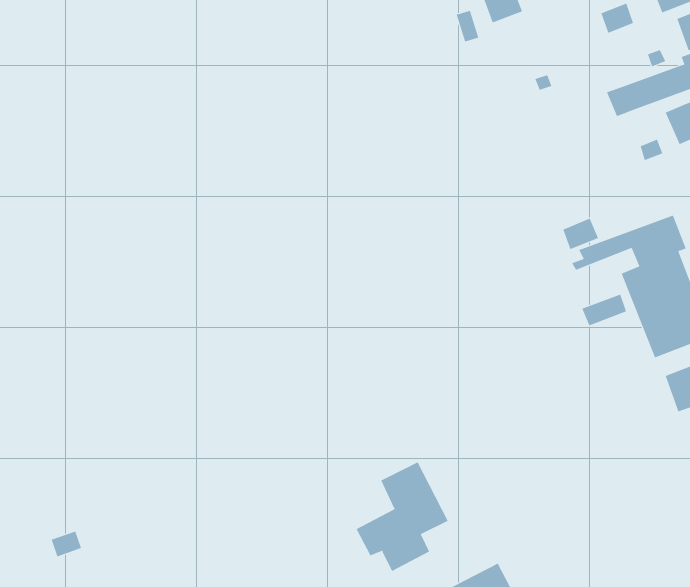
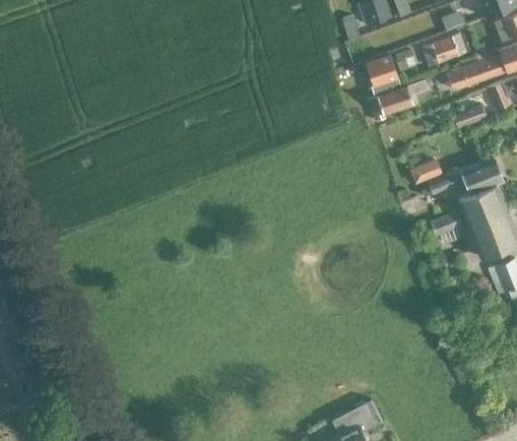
building: none -> [423,34,466,65]
building: none -> [366,55,429,121]
building: [356,461,448,572] -> none

